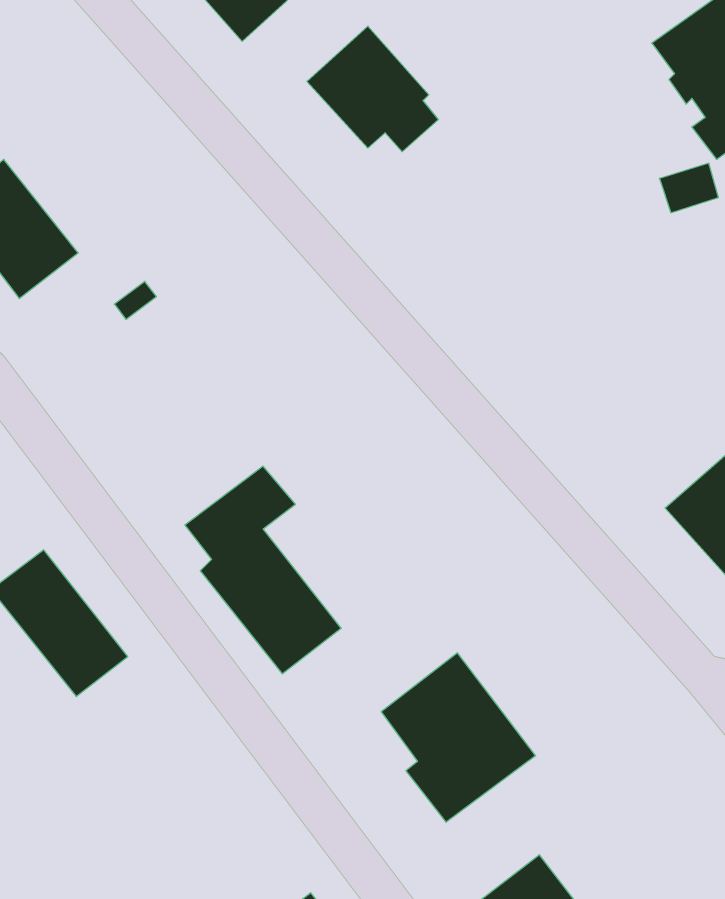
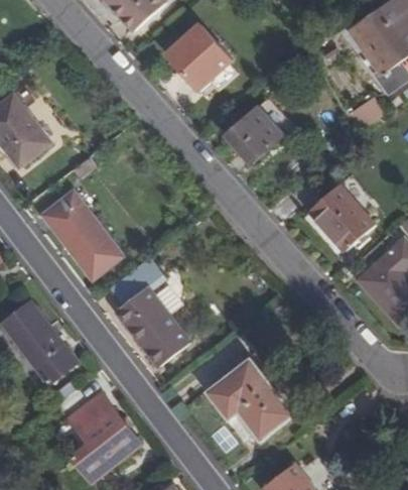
building: none -> [228,108,284,165]
building: none -> [312,183,376,250]
building: none -> [39,193,120,278]
building: none -> [72,392,139,479]

